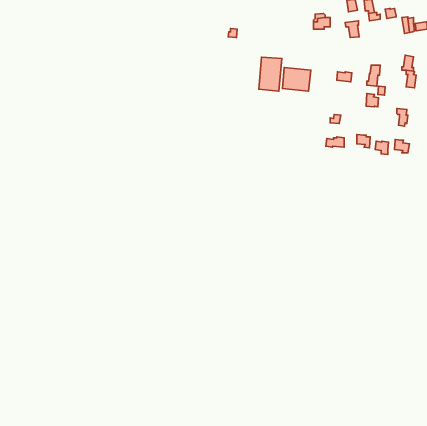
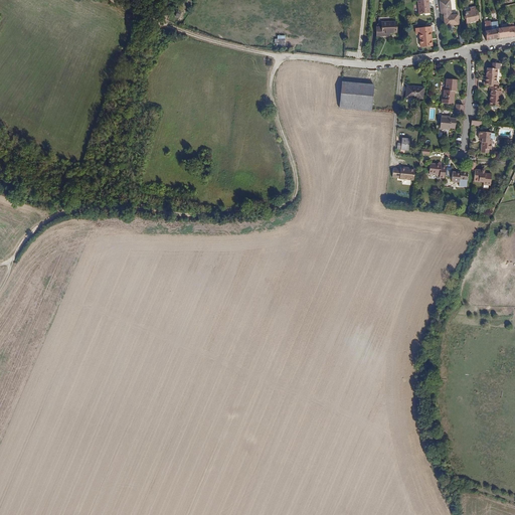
building: [259,57,282,91] -> none

